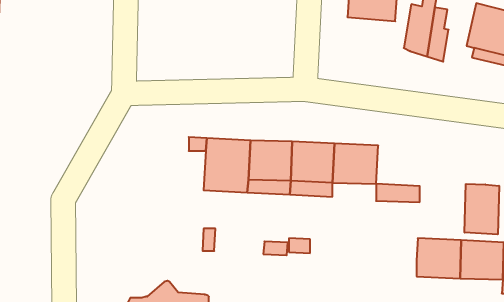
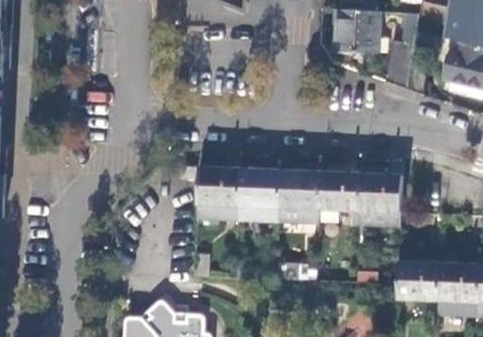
building: none -> [359,173,402,211]
building: [465,184,499,234] -> none

